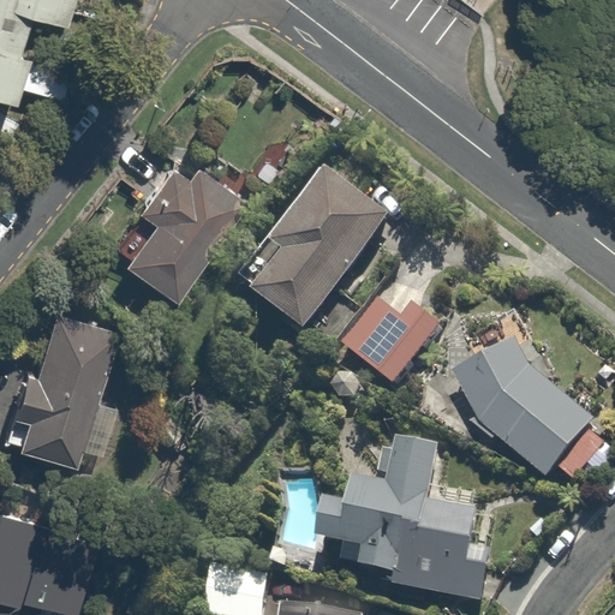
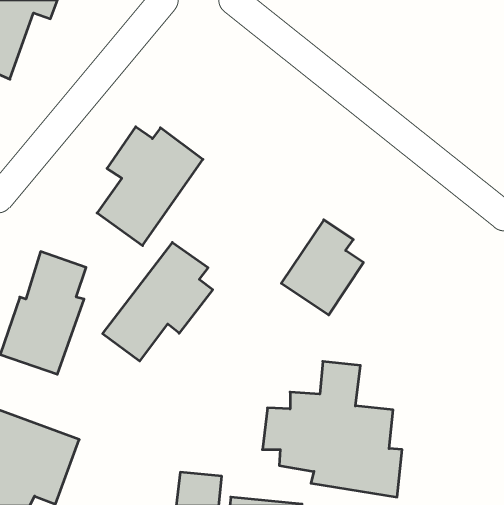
building: [256,167,387,327] -> none
building: none -> [103,242,213,361]
building: [455,339,595,478] -> none

